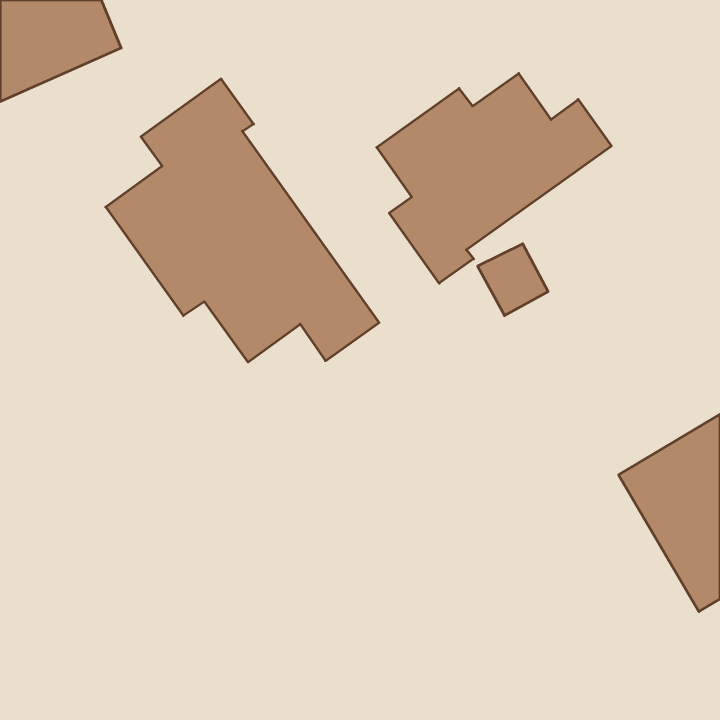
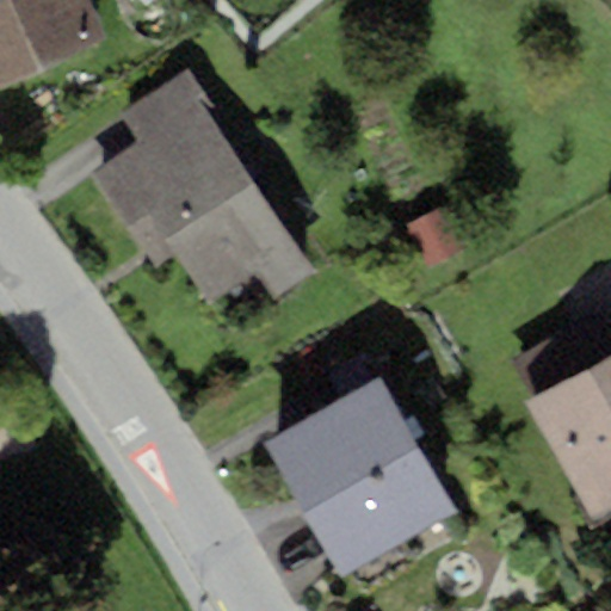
building: [377,73,611,283] -> none
building: none -> [263,376,455,576]

